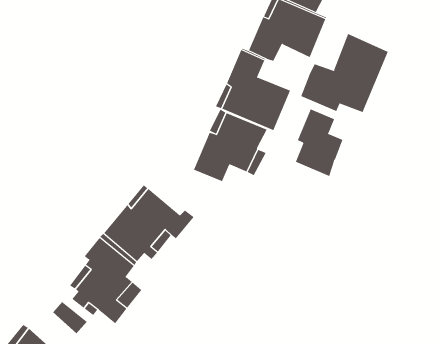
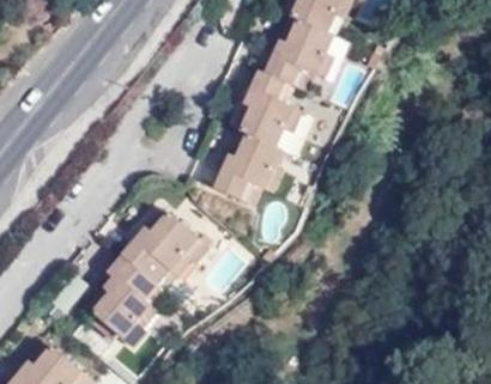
building: [300,33,389,113] -> none
building: [295,109,343,177] -> none

